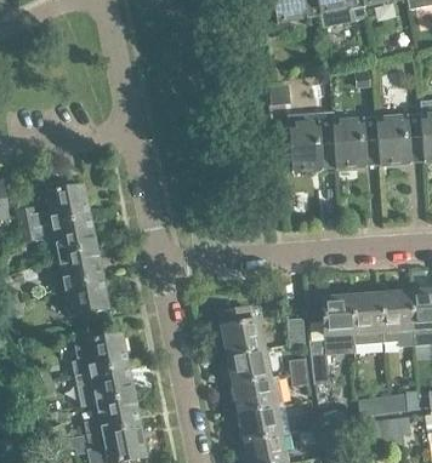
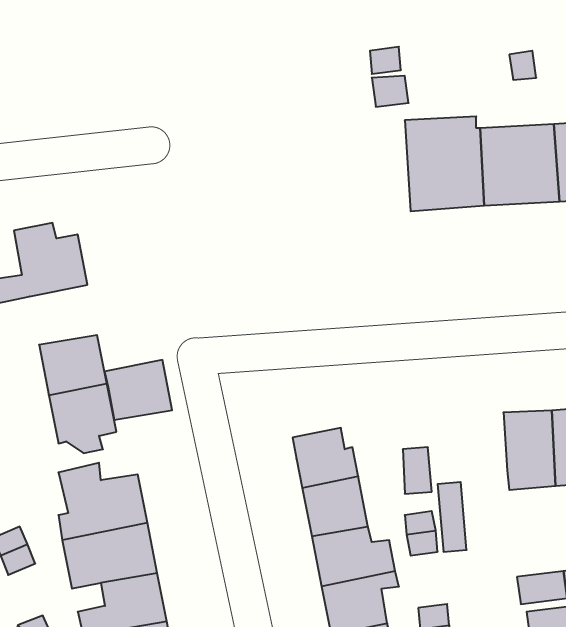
building: [53,217,96,255] -> [104,360,172,420]
building: [322,297,353,336] -> none

